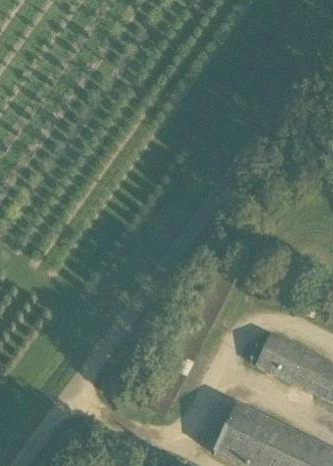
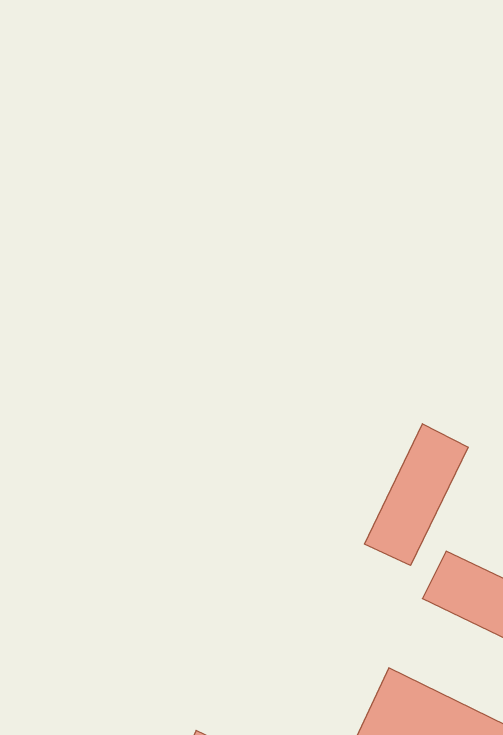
building: none -> [365,424,468,565]

